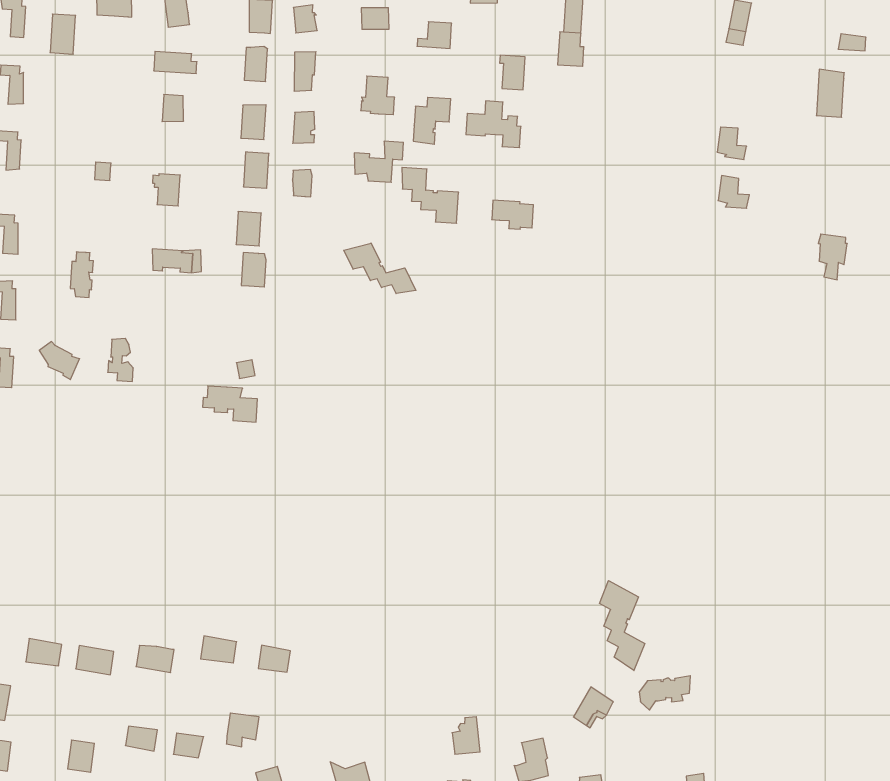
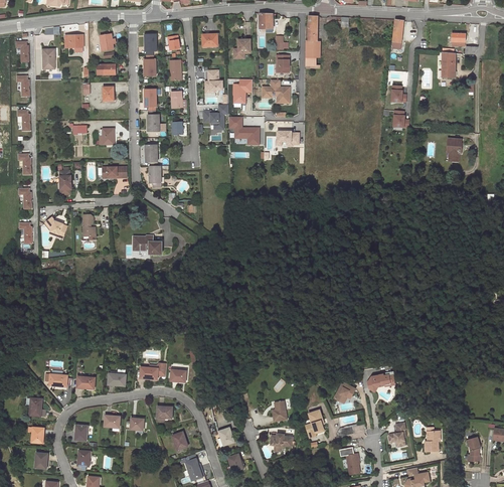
building: [344,243,416,294] -> none
building: [599,581,645,671] -> none

